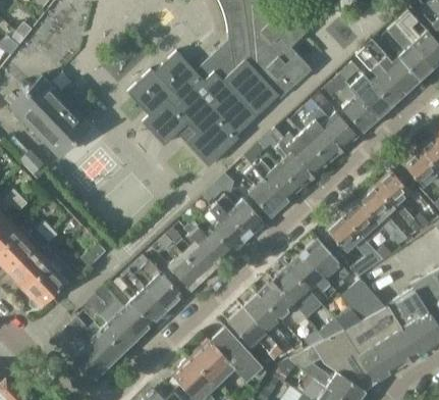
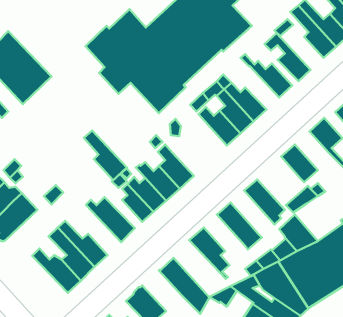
building: [349,77,391,119] -> none
building: [303,115,342,163] -> none
building: [244,168,284,216] -> none
building: [360,188,407,244] -> none
building: [224,196,263,237] -> none
building: [327,215,374,257] -> none
building: [288,253,337,298] -> none
building: [119,269,167,324] -> [84,131,127,180]
building: [259,280,308,326] -> none
building: [227,308,283,359] -> none
building: [53,326,108,382] -> none
building: [190,342,234,387] -> none

